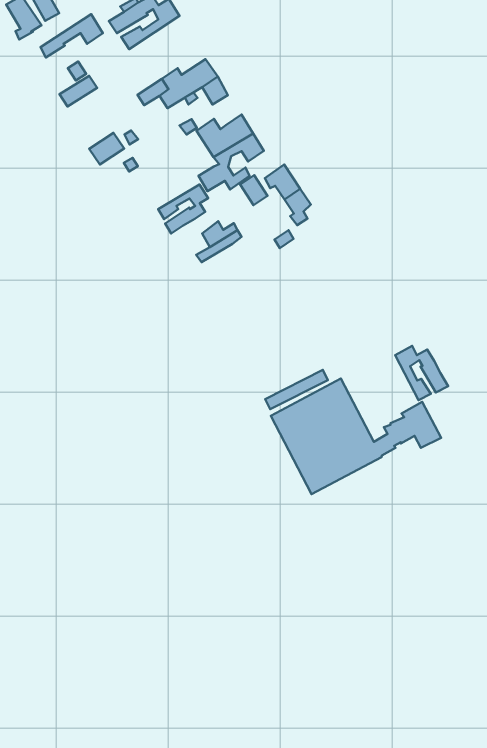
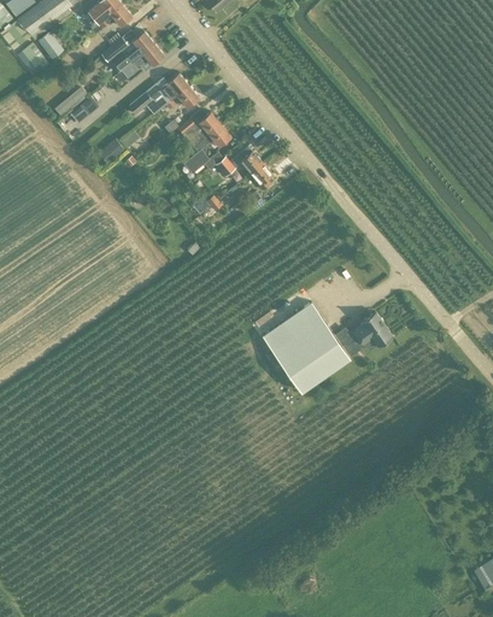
building: [41,14,103,57] -> [118,43,164,81]
building: [158,185,208,233] -> none
building: [395,346,448,400] -> none

